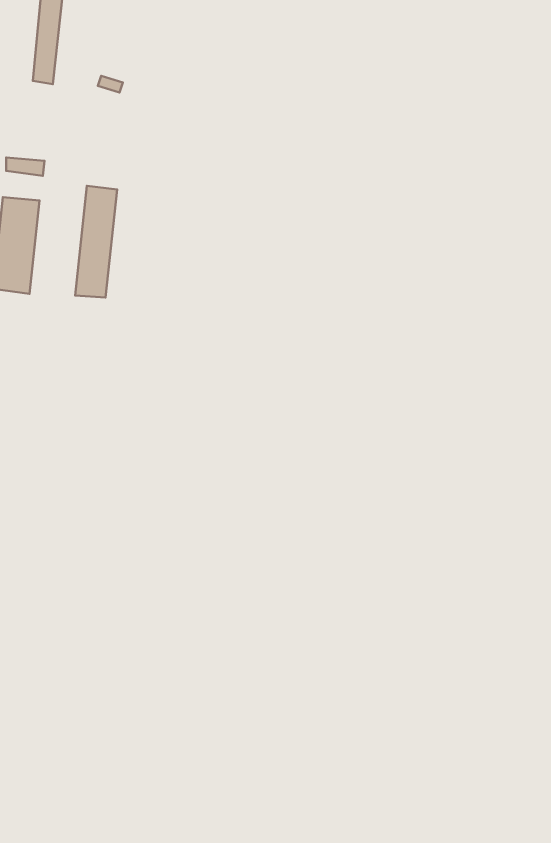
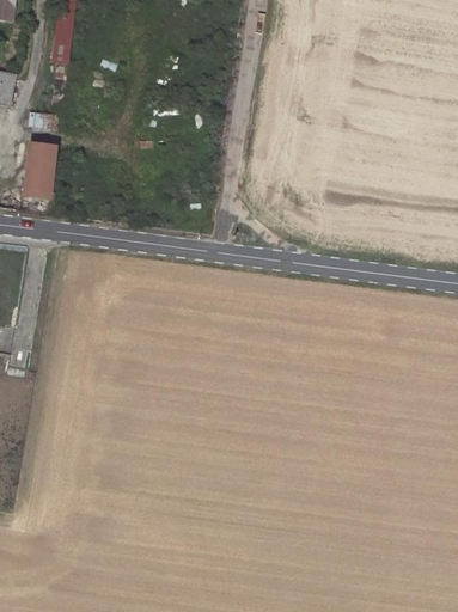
building: [75,186,117,297] -> none

